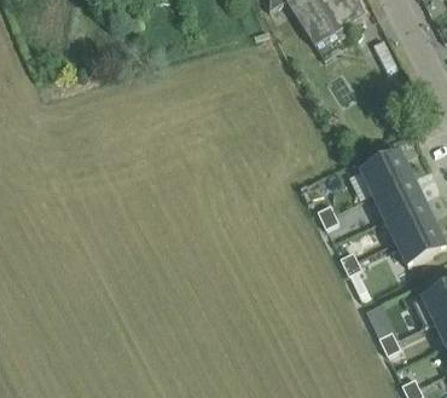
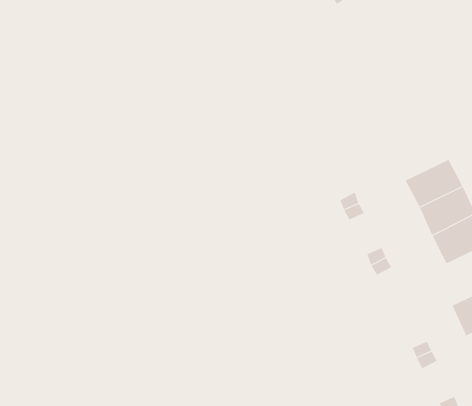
building: [361,150,411,194] -> none

